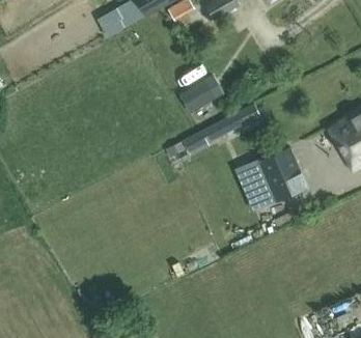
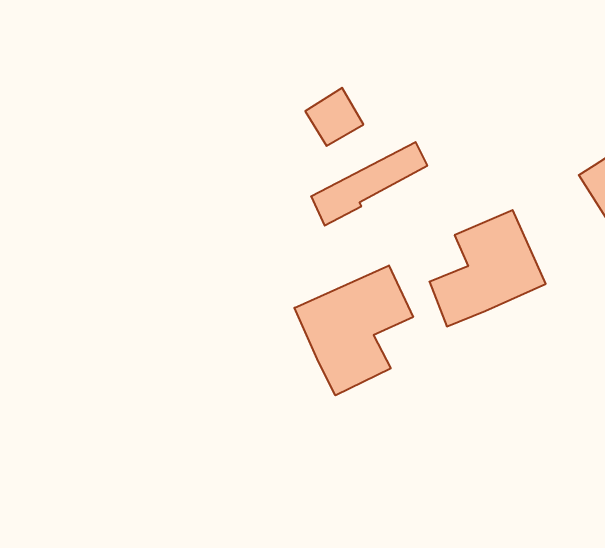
building: none -> [294,265,413,395]

